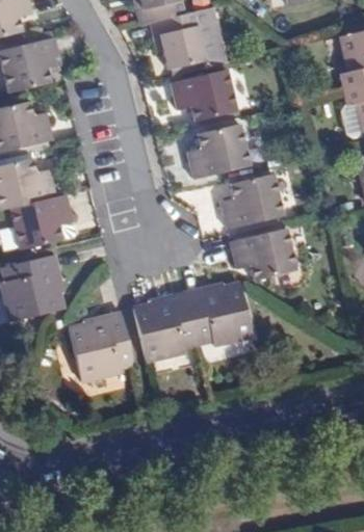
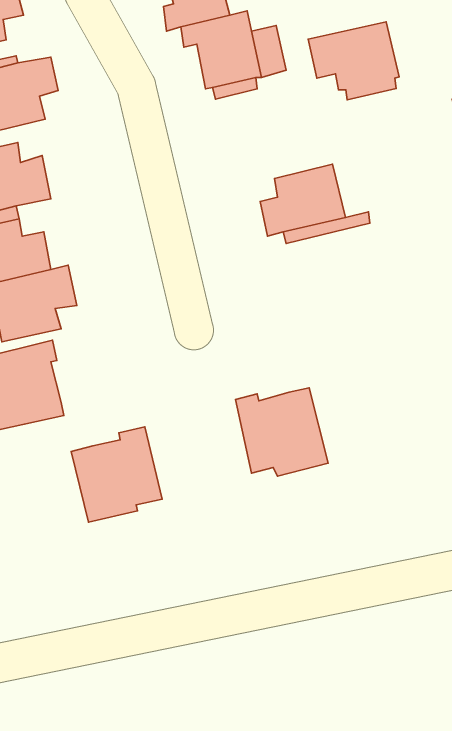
building: [186,65,252,122] -> [308,22,399,100]
building: [218,174,280,225] -> none
building: [227,221,296,280] -> none
building: [132,290,197,362] -> none

